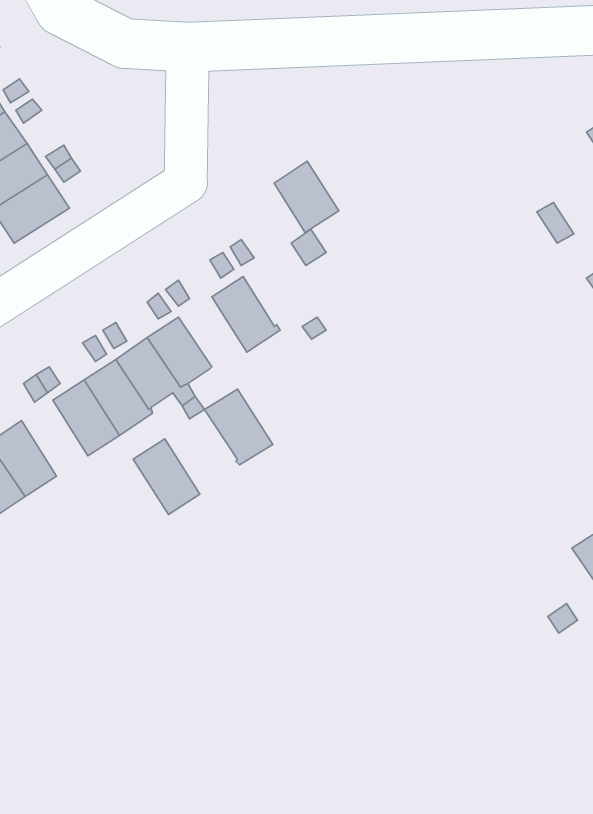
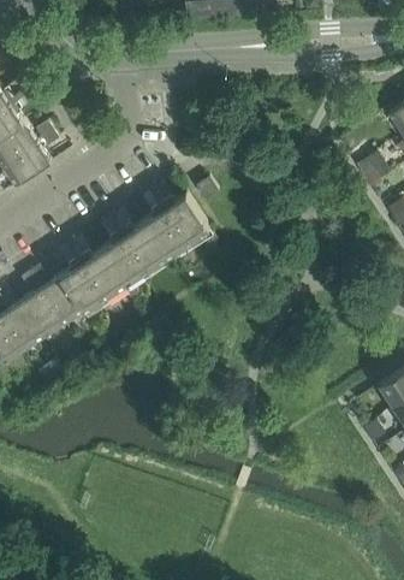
building: [274,161,339,233] -> [164,194,206,241]
building: [204,389,273,465] -> [121,221,166,271]
building: [133,439,200,514] -> [19,289,63,338]

